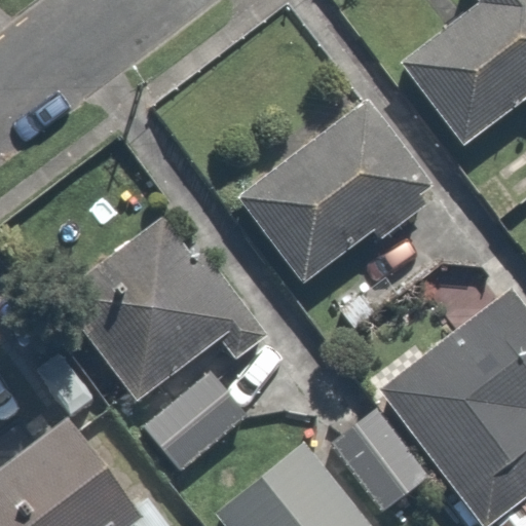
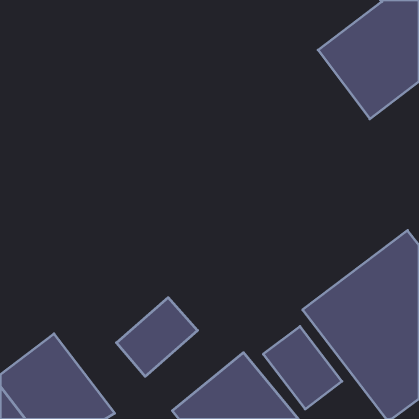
building: [238,100,433,285] -> none
building: [60,218,267,401] -> none

